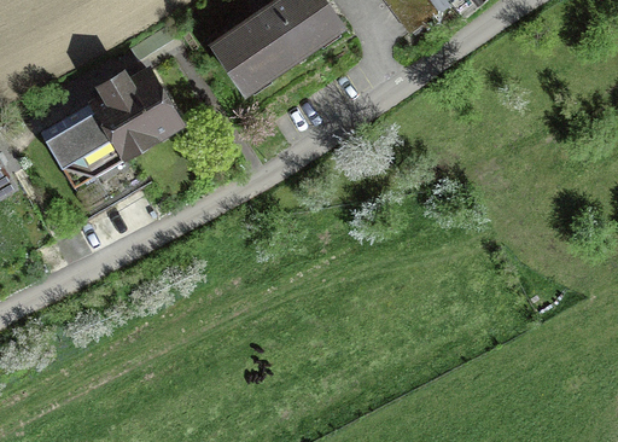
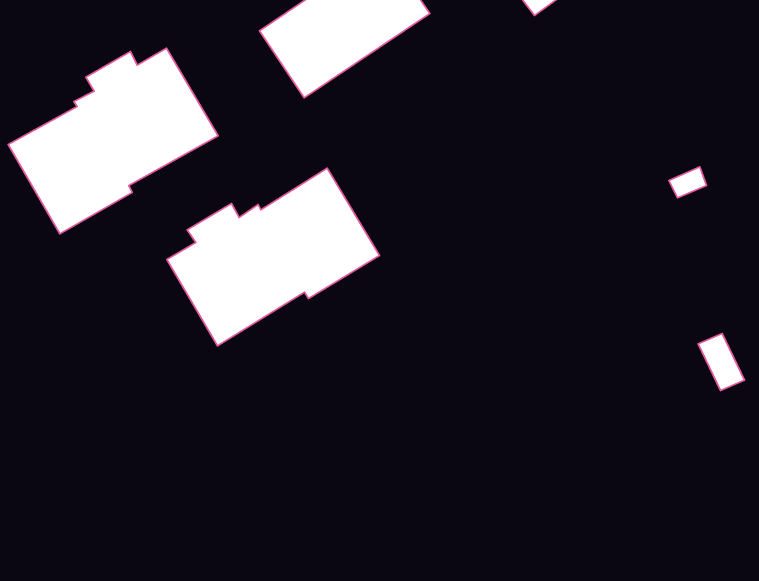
building: none -> [167,168,380,346]

